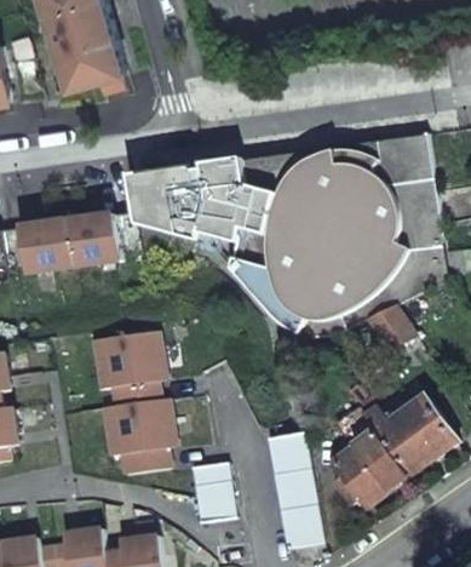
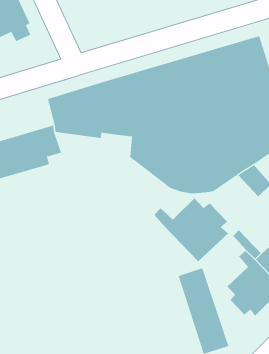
building: [92,332,171,475] -> none
building: none -> [153,198,229,262]
building: [189,462,235,522] -> none

